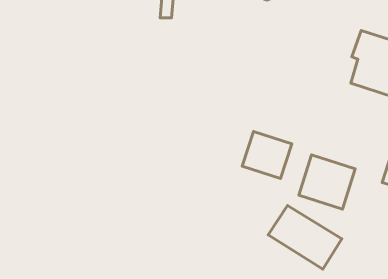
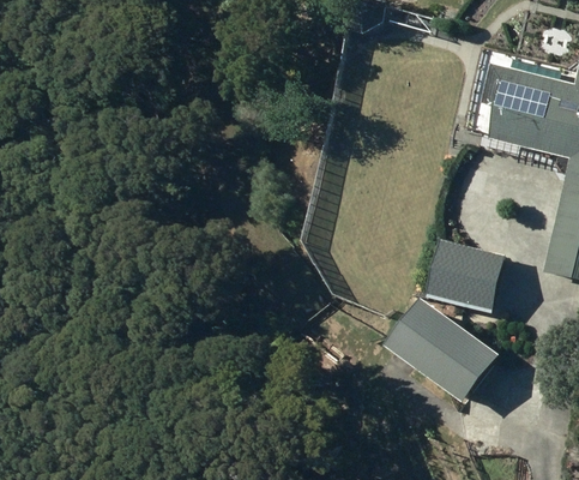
building: [242,132,292,179] -> none

